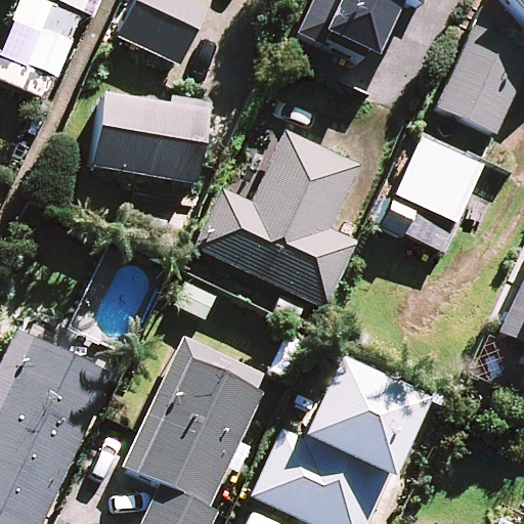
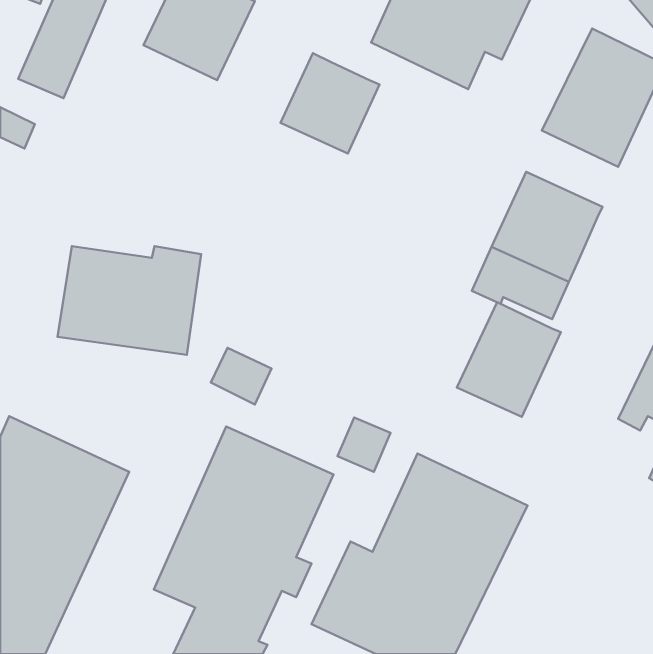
building: none -> [280,53,380,153]
building: [92,95,206,181] -> [58,246,201,355]
building: [194,130,359,322] -> none
building: none -> [457,302,561,417]

